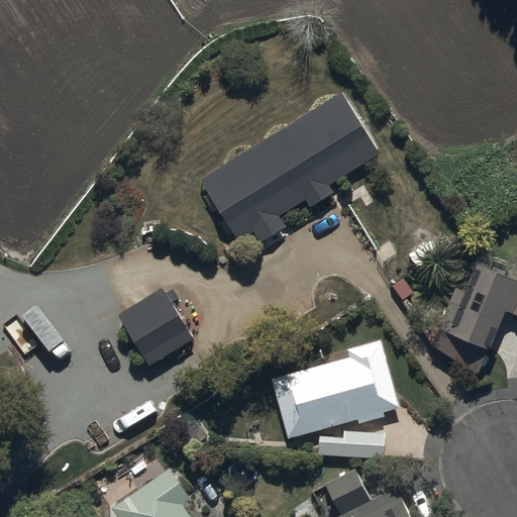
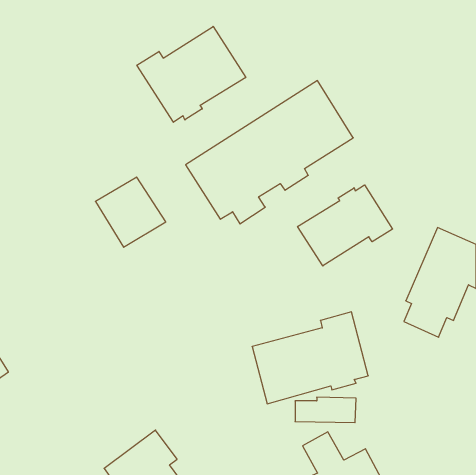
building: none -> [137,26,246,122]
building: none -> [298,185,393,266]
building: [118,290,194,366] -> [95,177,166,247]

